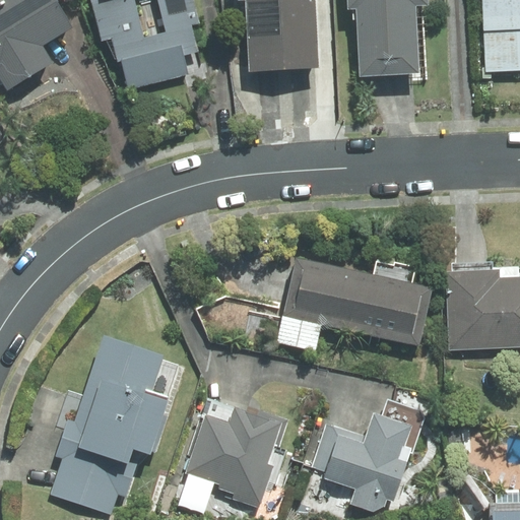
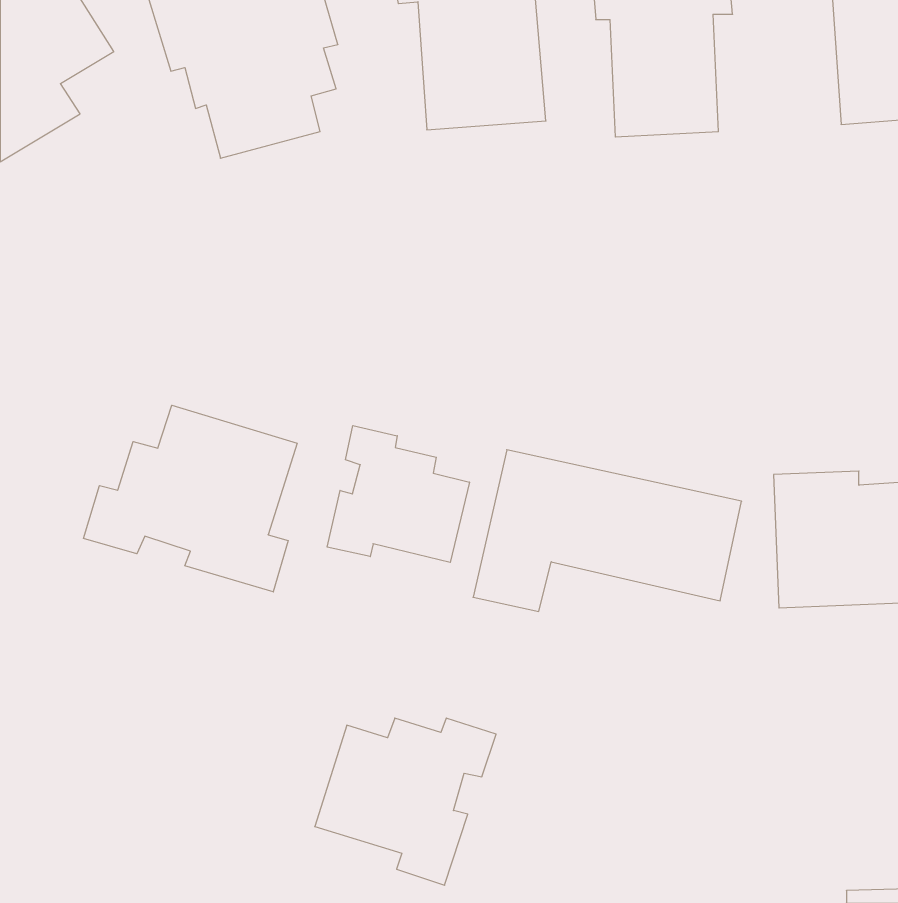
building: none -> [84,405,297,592]
building: none -> [327,426,469,562]
building: [54,334,159,512] -> none
building: [314,414,408,509] -> none

